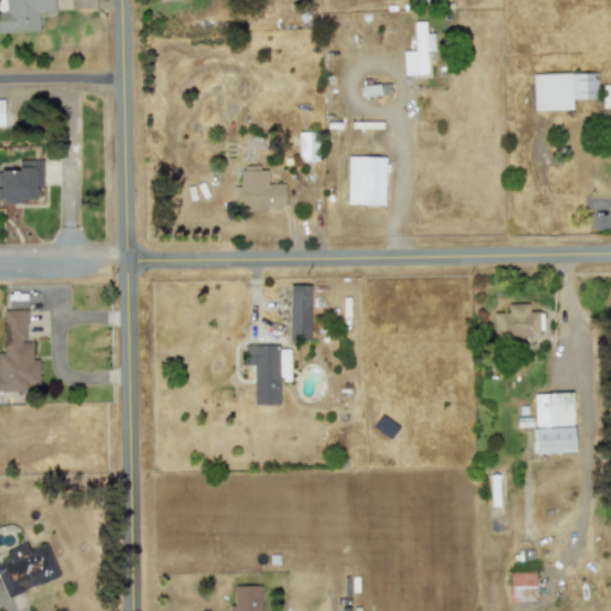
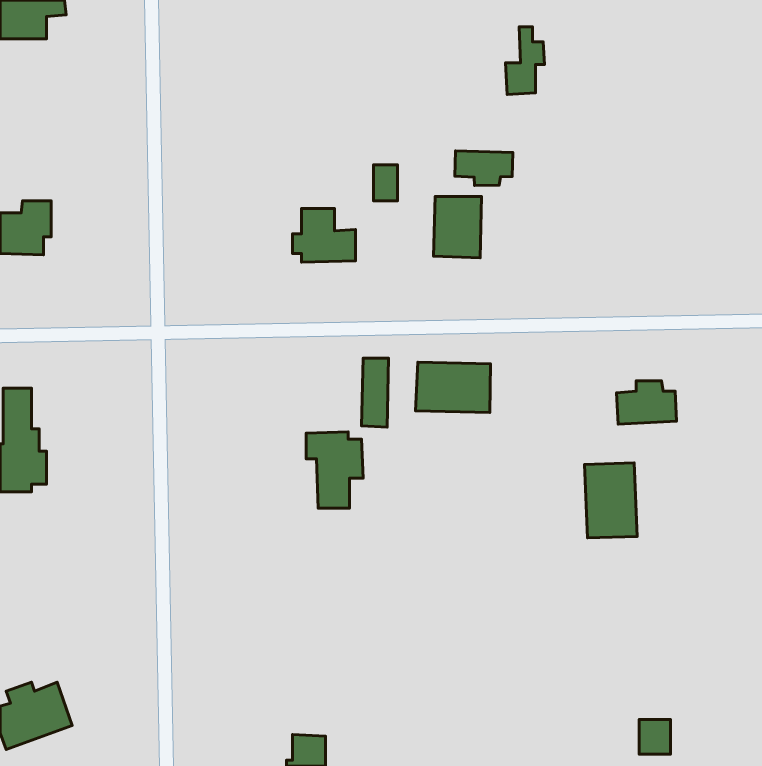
building: [535,73,600,110] -> none
building: none -> [455,151,513,186]
building: none -> [415,362,491,412]
building: [535,393,576,452] -> [585,463,637,538]

